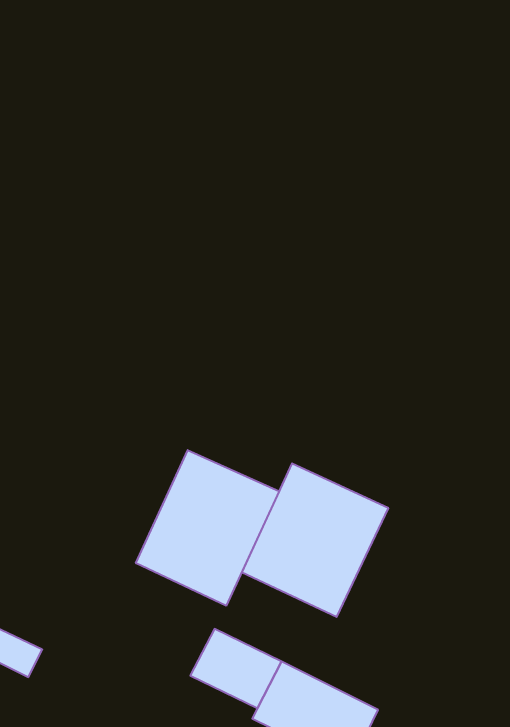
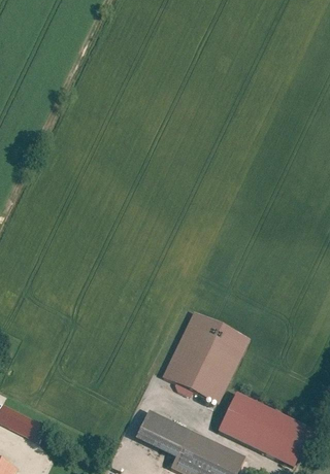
building: [136,450,279,606] -> none
building: none -> [218,394,307,465]

